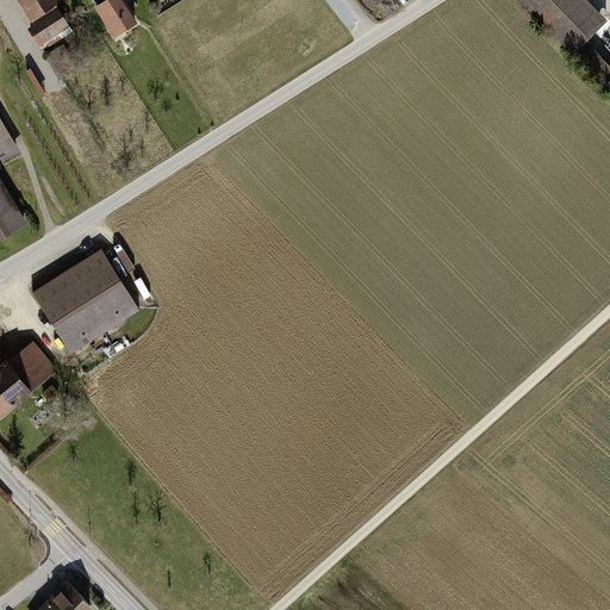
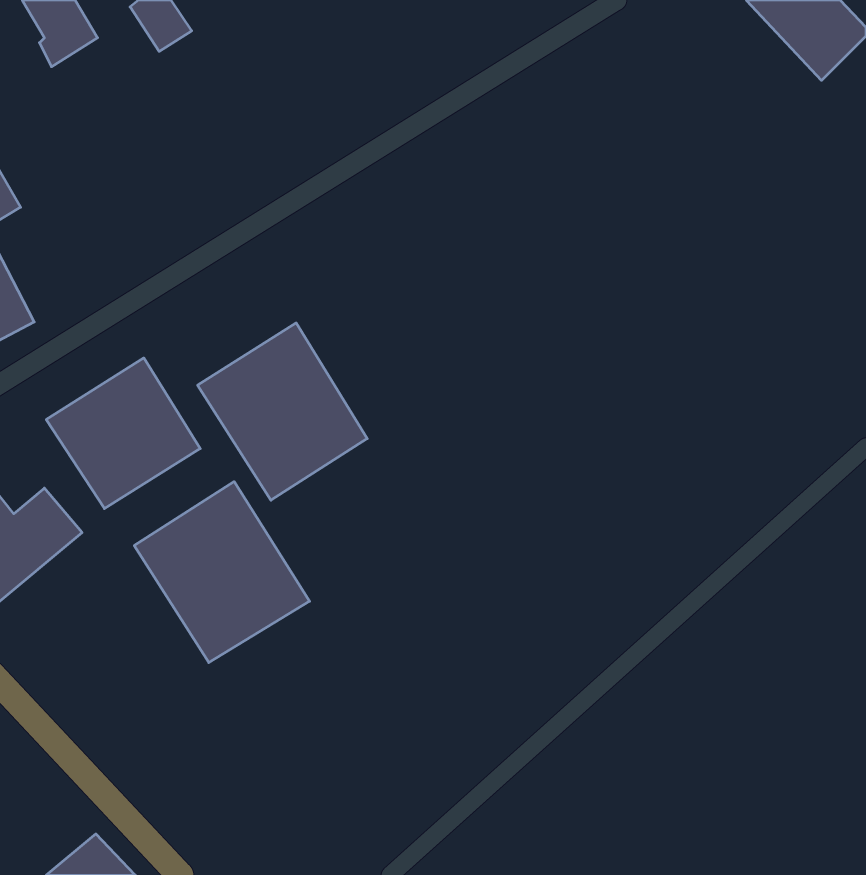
building: none -> [198,323,367,500]
building: none -> [134,482,310,663]

